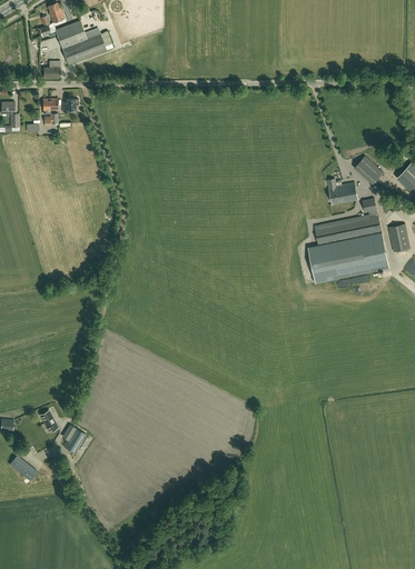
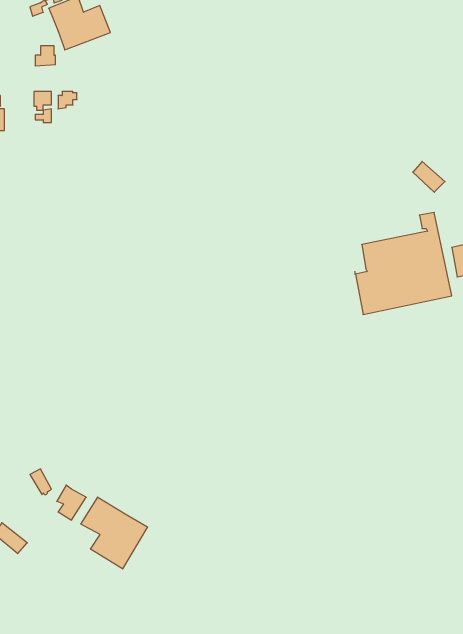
building: [327,180,358,206] -> none
building: none -> [81,497,148,569]

